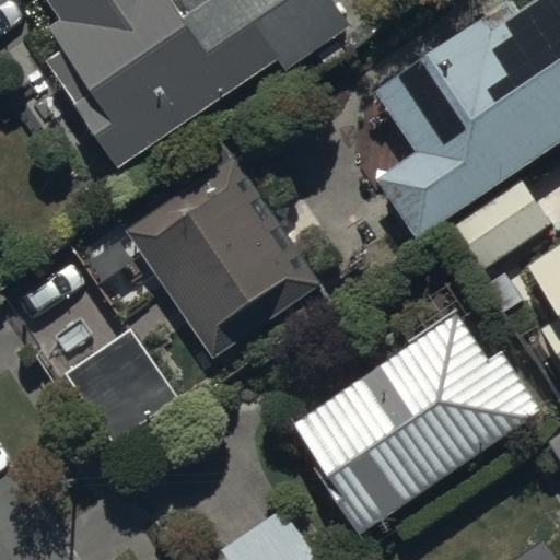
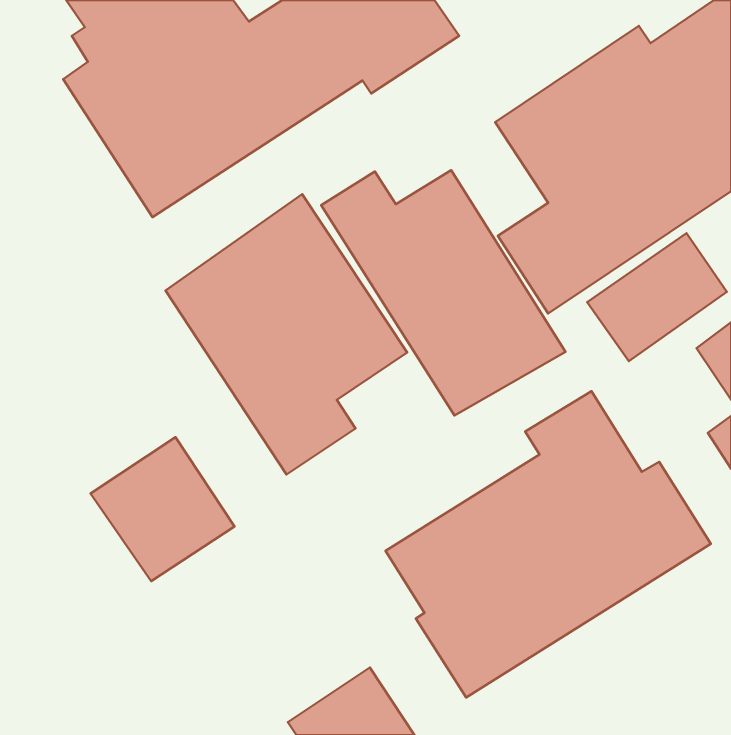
building: none -> [321,170,566,415]

